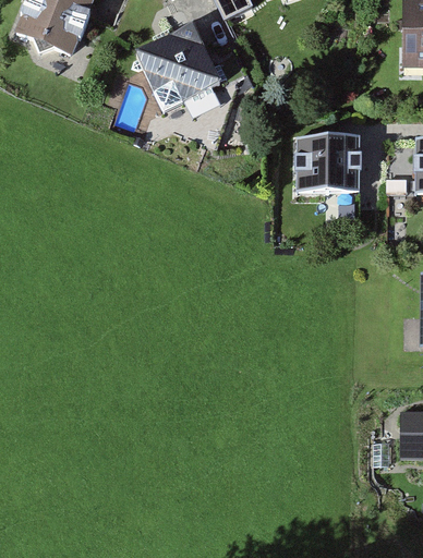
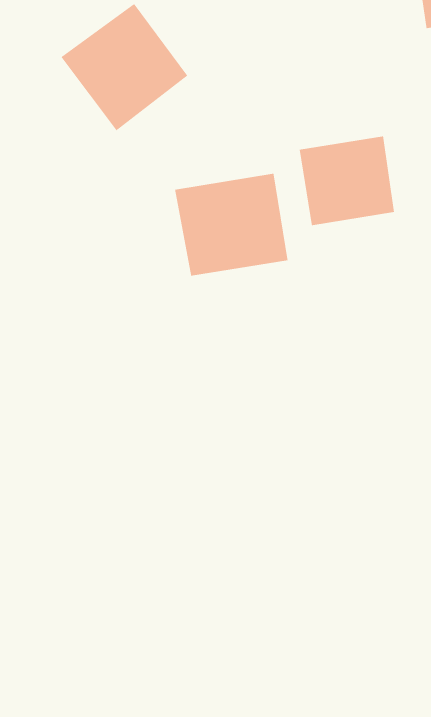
building: none -> [175,173,288,277]

